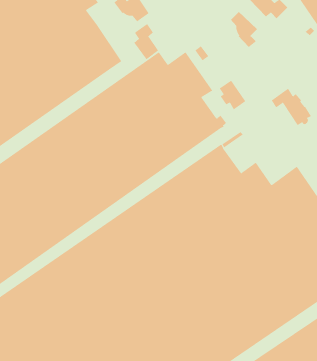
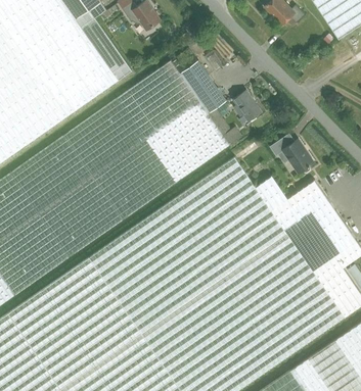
building: [230,11,258,48] -> none
building: [134,23,159,60] -> none
building: [271,88,312,126] -> [270,134,313,174]

